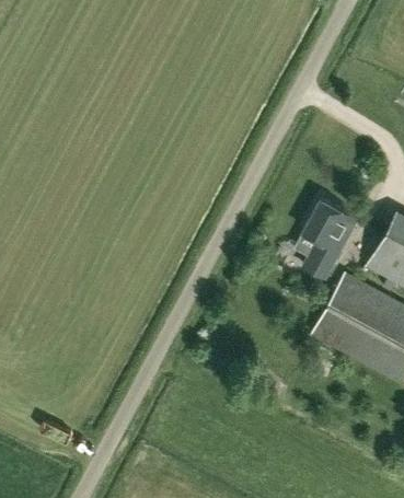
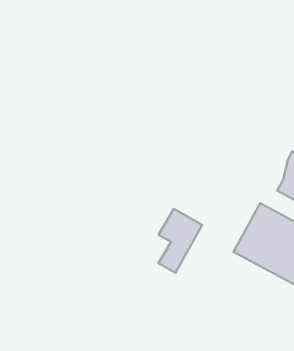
building: [302,201,356,280] -> [159,209,202,273]

